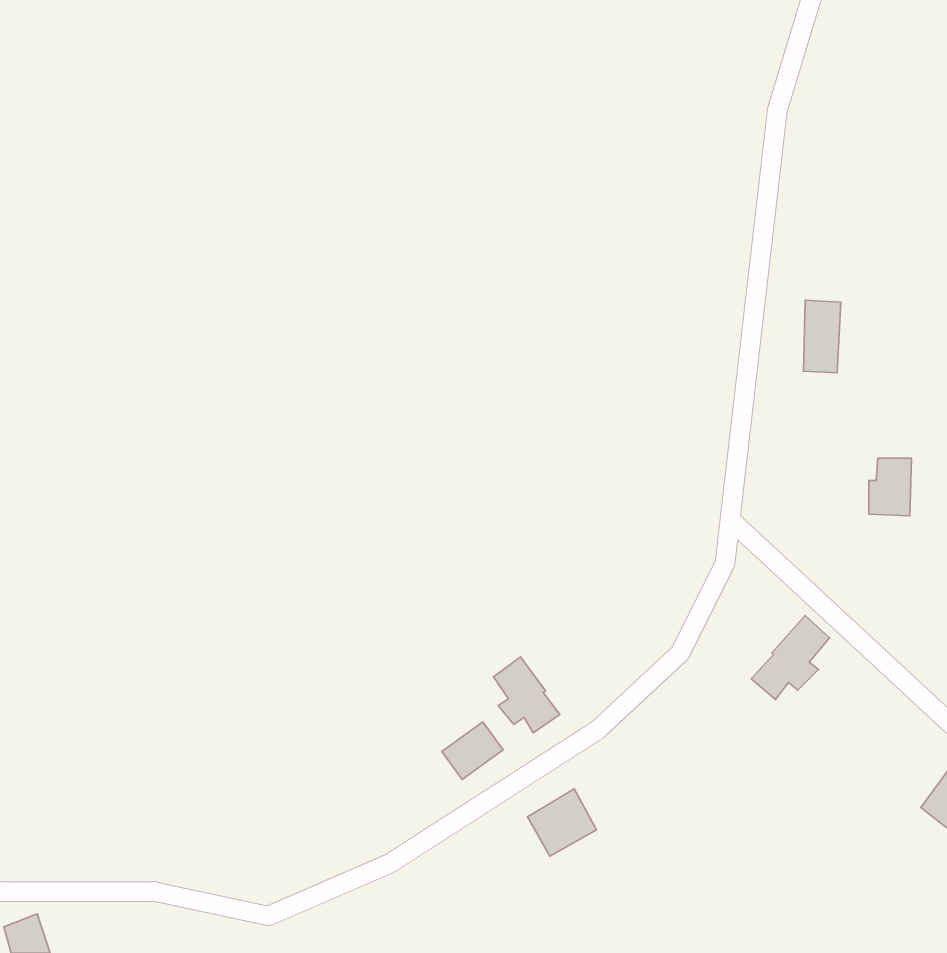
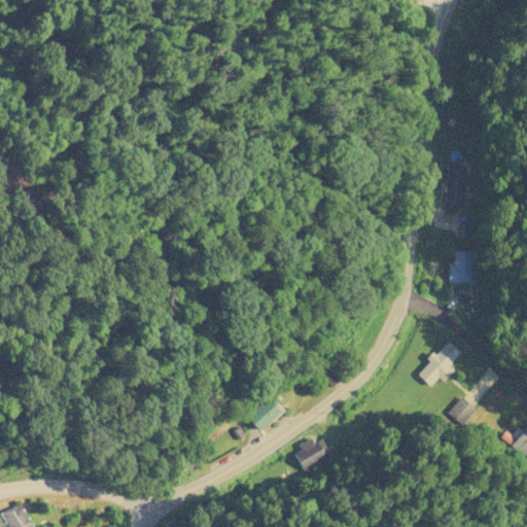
building: [869,458,912,516] -> [450,251,473,283]
building: [494,657,560,733] -> none
building: none -> [448,396,478,426]

